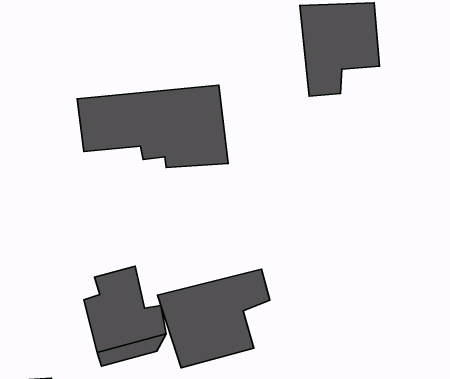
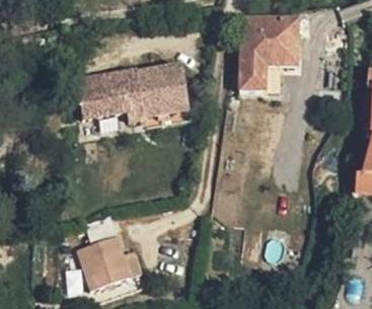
building: [157,269,270,368] -> none

